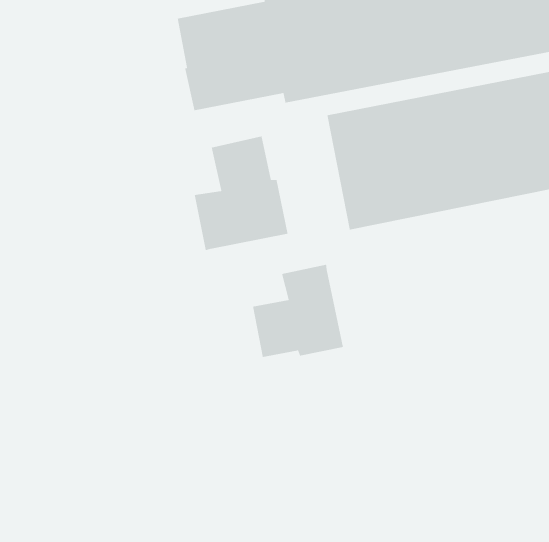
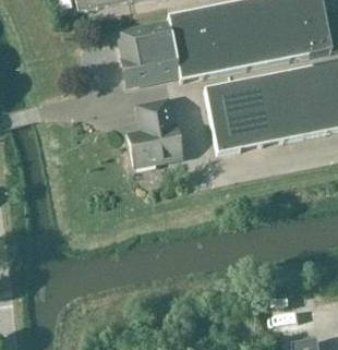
building: [252,264,344,358] -> none

